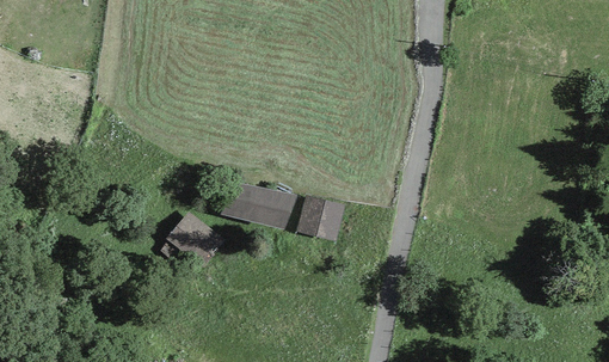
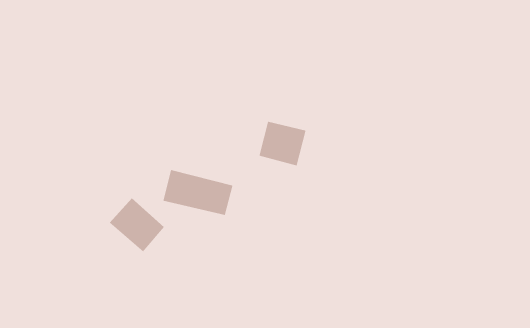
building: [296,194,346,241] -> [258,121,306,167]

